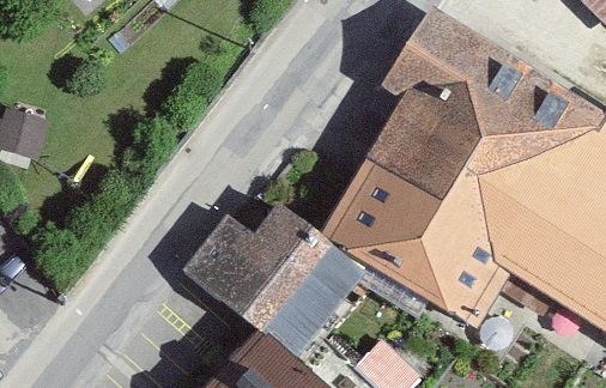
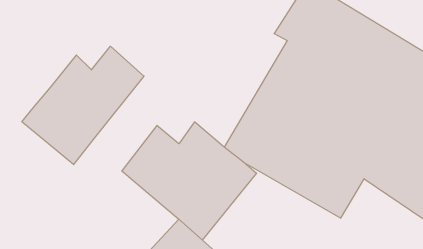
building: none -> [22,46,144,165]

